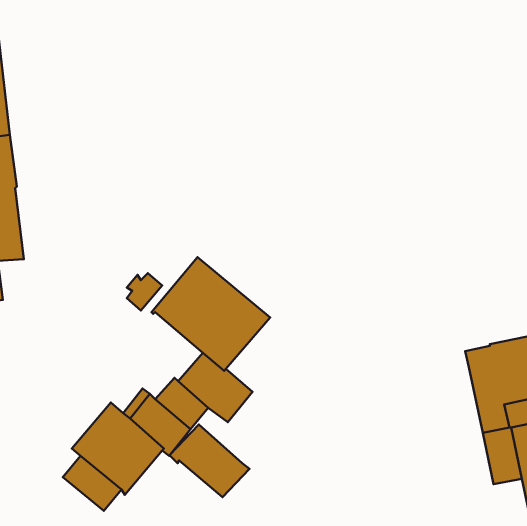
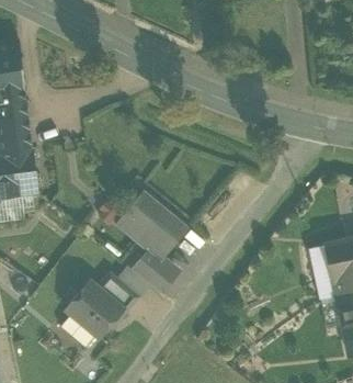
building: [170,424,250,497] -> none

